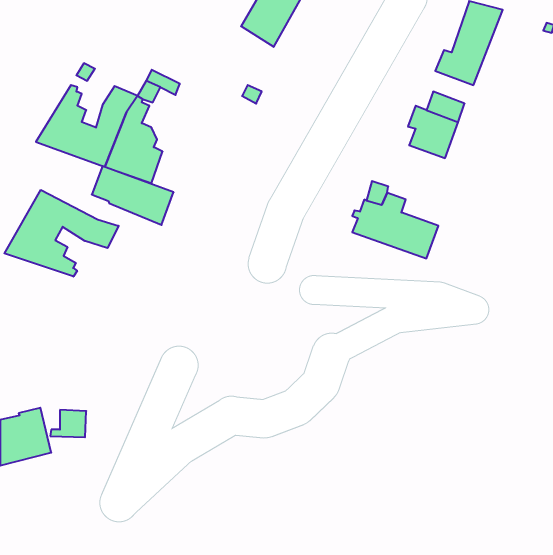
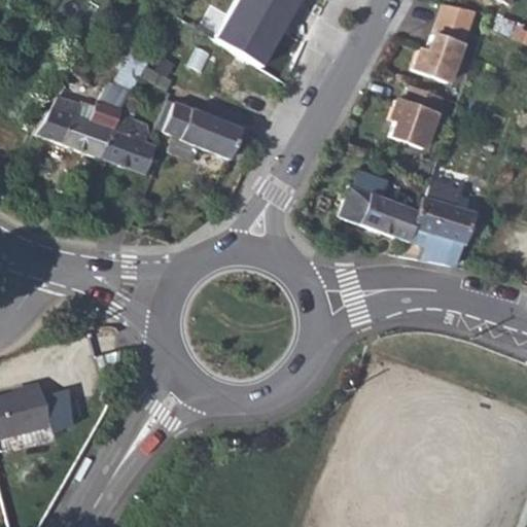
building: [92,166,174,225] -> [164,103,241,159]
building: [4,190,119,277] -> none
building: none -> [400,184,473,267]

